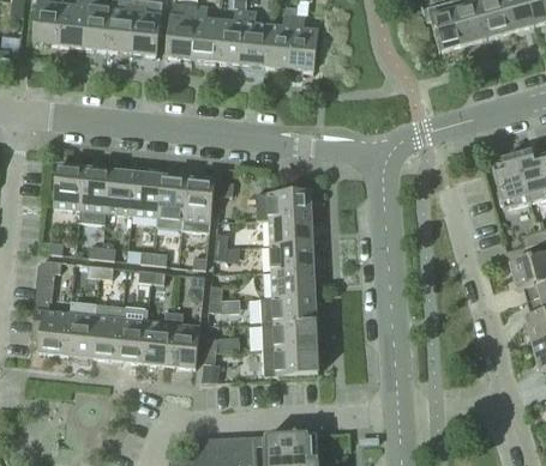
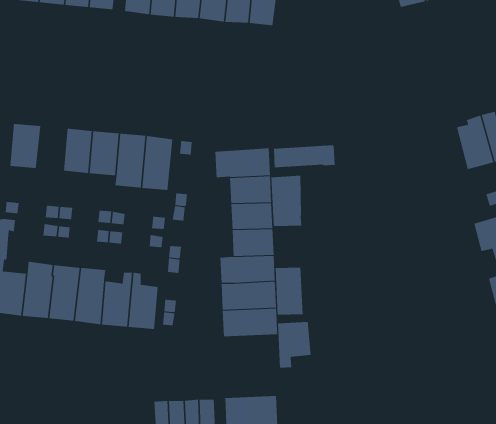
building: [79,168,109,224] -> none
building: none -> [273,145,335,168]
building: none -> [271,175,302,227]
building: none -> [275,267,303,316]
building: none -> [278,321,311,369]

